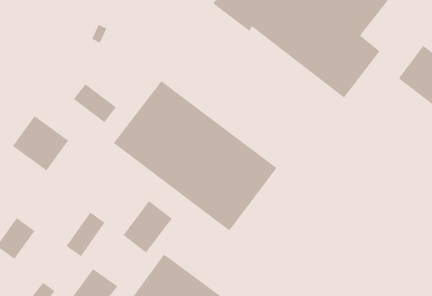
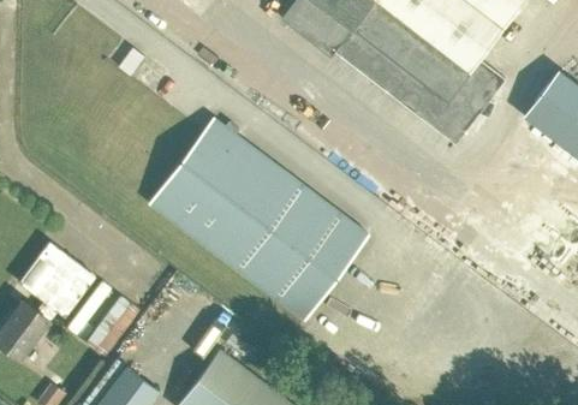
building: [73,83,117,123] -> none
building: [12,115,69,172] -> [17,240,93,315]
building: [122,200,173,253] -> none

